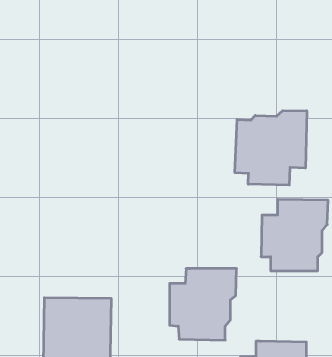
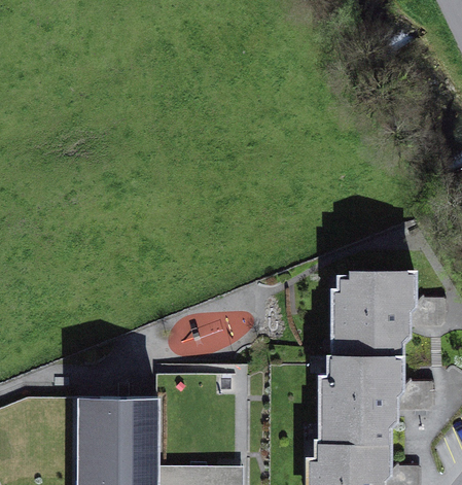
building: [235,111,307,185] -> none
building: [170,269,237,340] -> [322,360,401,445]

